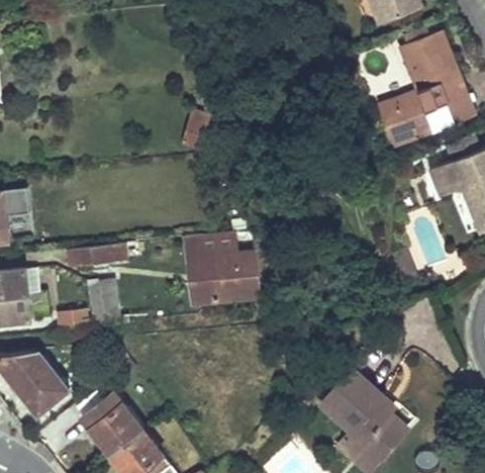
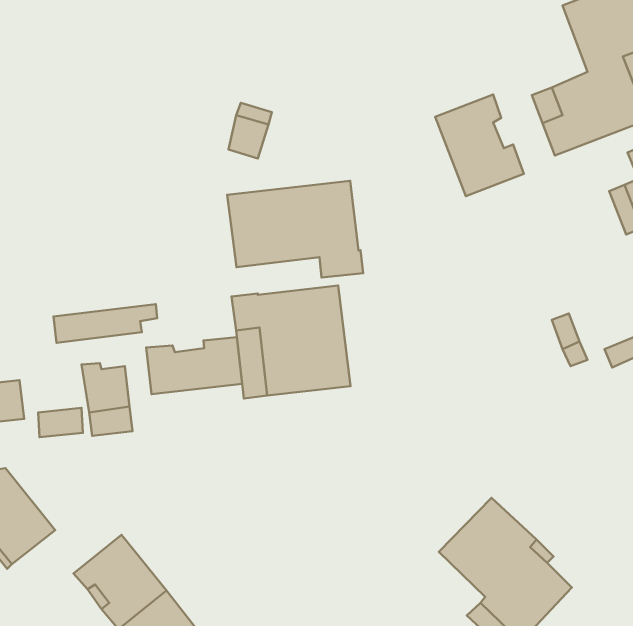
building: none -> [435,94,524,196]
building: none -> [227,181,363,277]
building: none -> [146,337,242,394]

